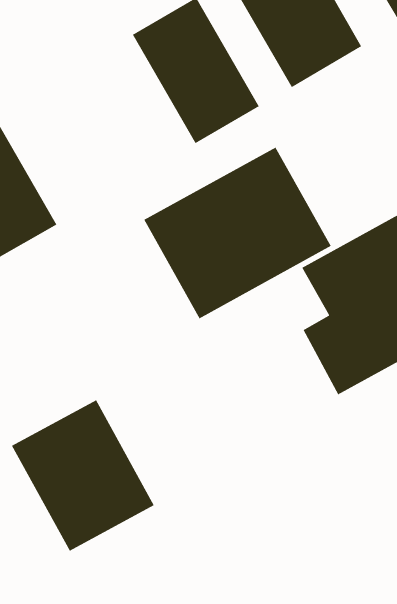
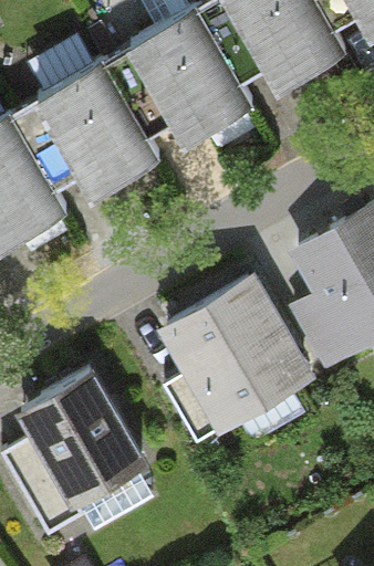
building: none -> [38,63,153,197]
building: [143,146,332,319] -> none
building: none -> [164,281,310,437]

